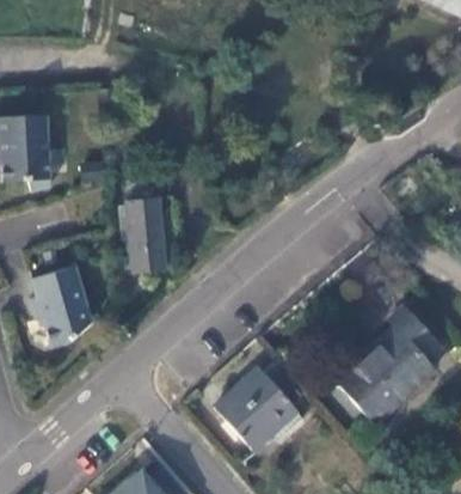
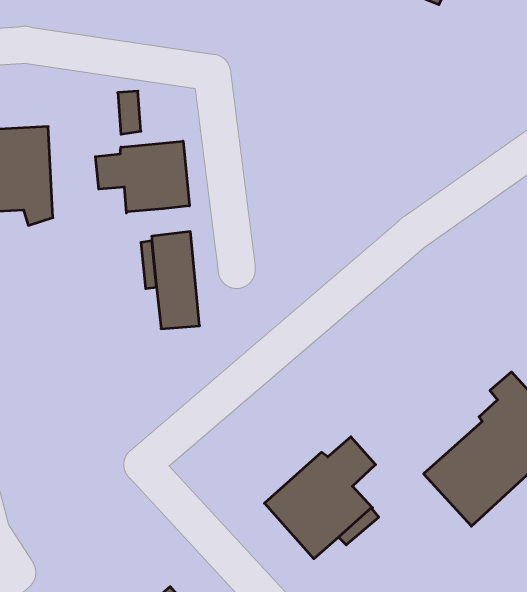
building: none -> [95,141,189,213]
building: [30,264,92,343] -> none

